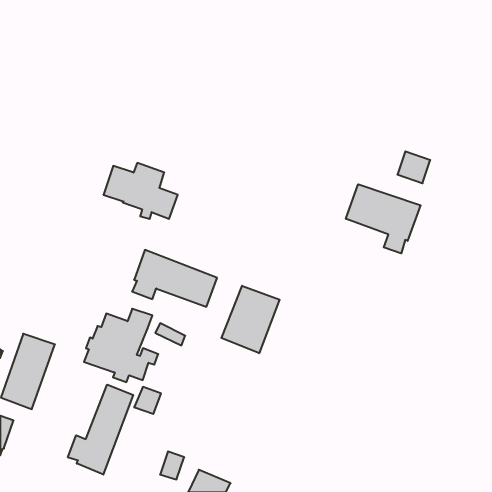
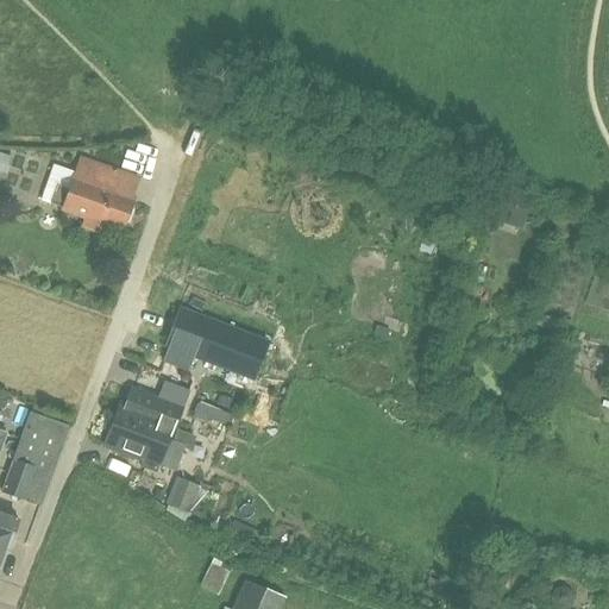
building: [103,163,178,219] -> [40,159,132,228]
building: [346,184,421,253] -> none
building: [221,286,280,353] -> none
building: [68,385,133,475] -> none

